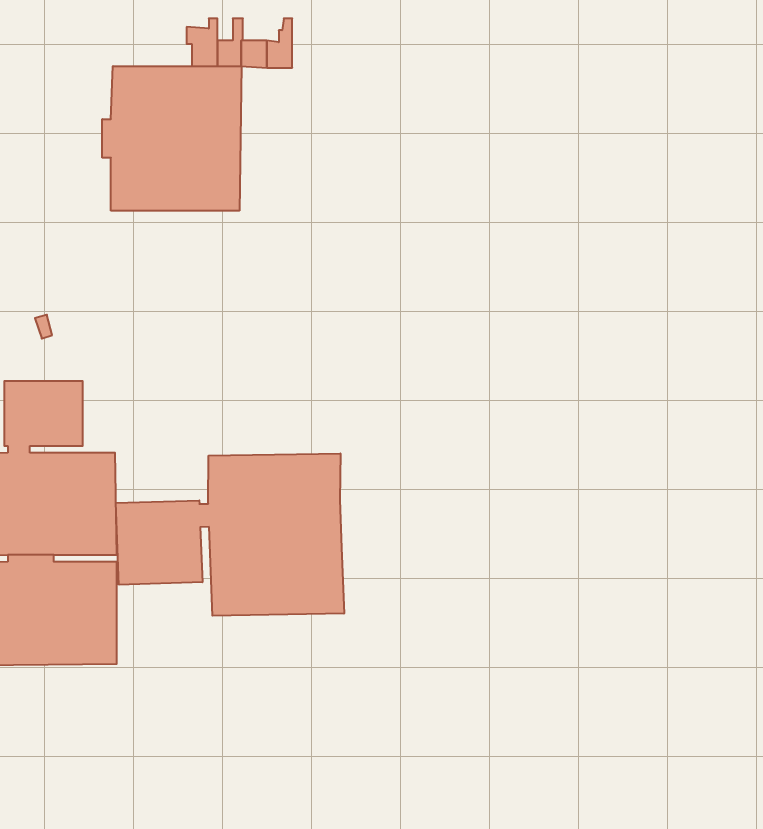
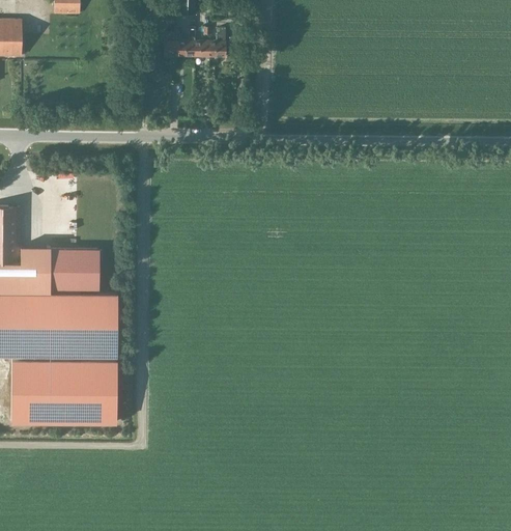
building: [102,66,242,211] -> none
building: [116,453,344,616] -> none

